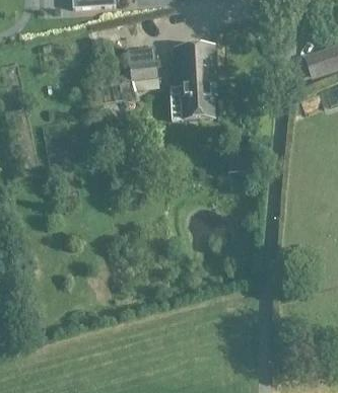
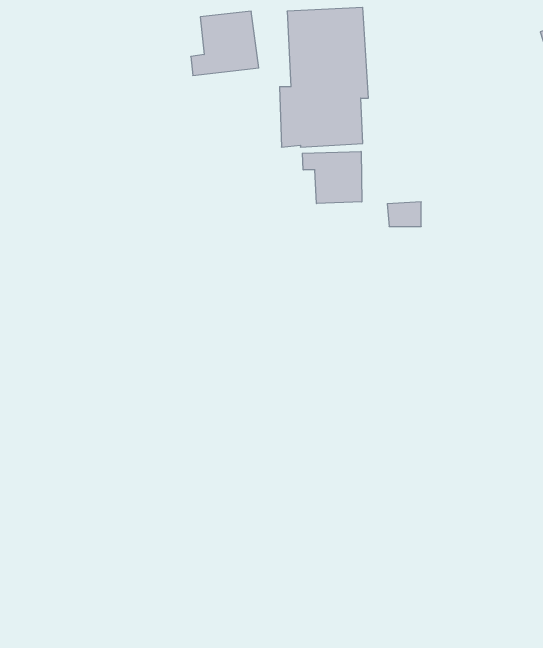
building: none -> [302,151,362,204]

